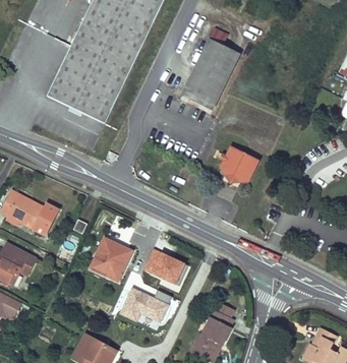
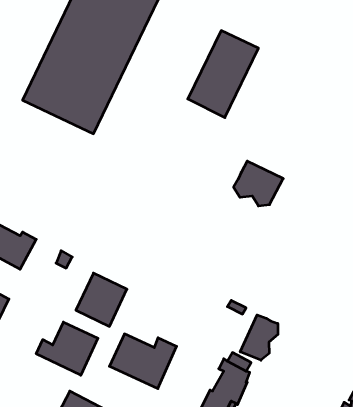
building: [142,249,186,287] -> none
building: none -> [240,315,278,360]
building: none -> [36,322,98,375]

